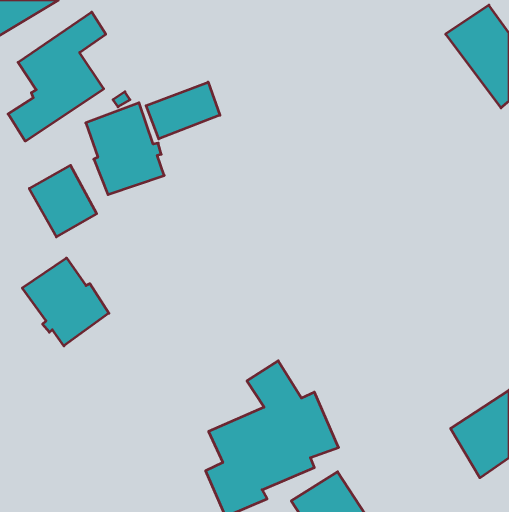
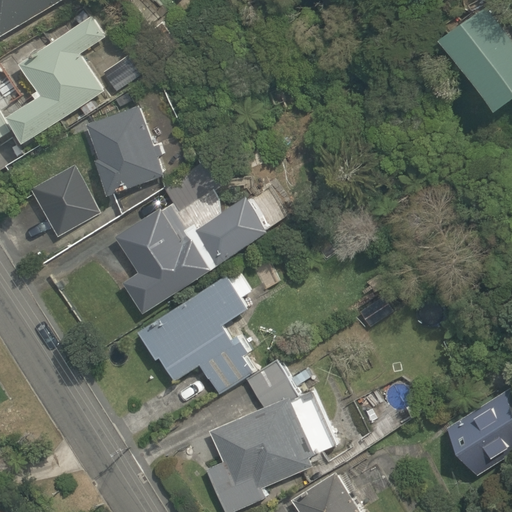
building: [146,82,220,139] -> none
building: none -> [113,161,272,314]
building: [22,258,109,346] -> none
building: none -> [137,274,252,395]

